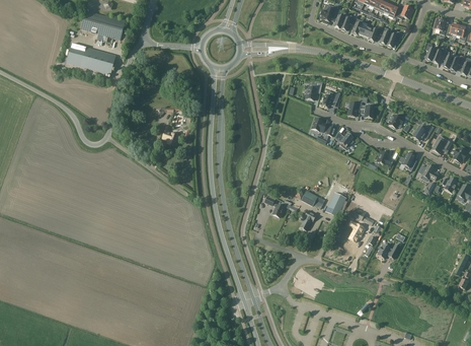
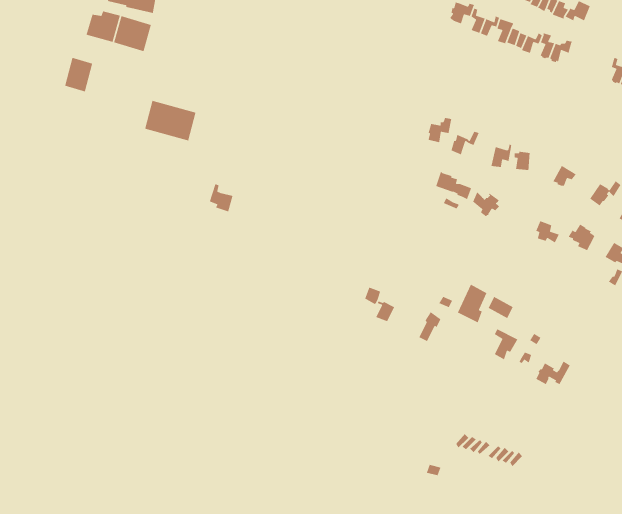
building: [82,47,116,74] -> [144,100,196,141]

